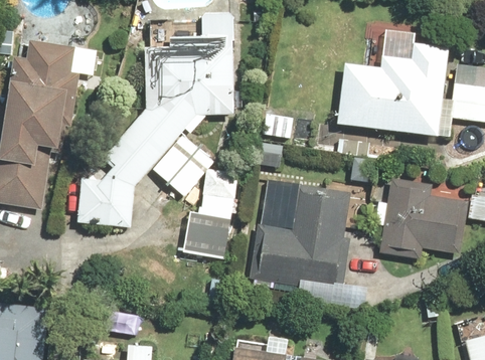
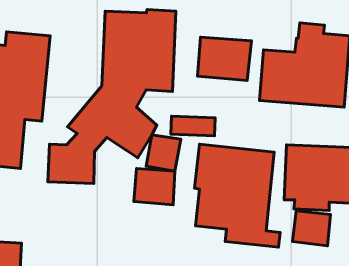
building: none -> [197,37,251,81]
building: none -> [292,211,331,246]

